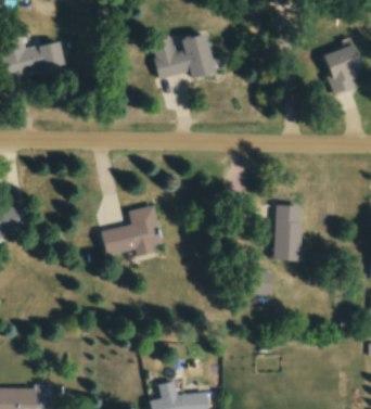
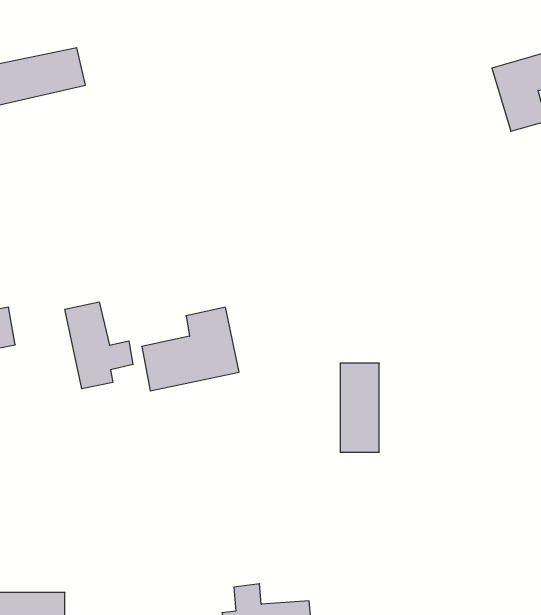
building: [151,31,214,79] -> none
building: none -> [65,302,133,389]
building: [276,205,300,261] -> [340,363,379,452]

